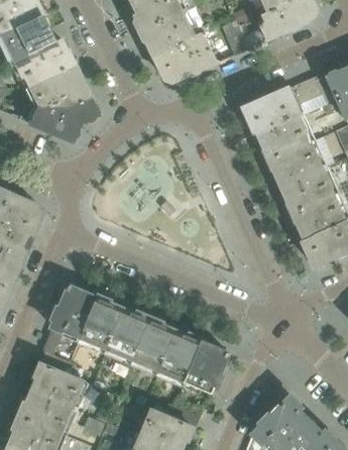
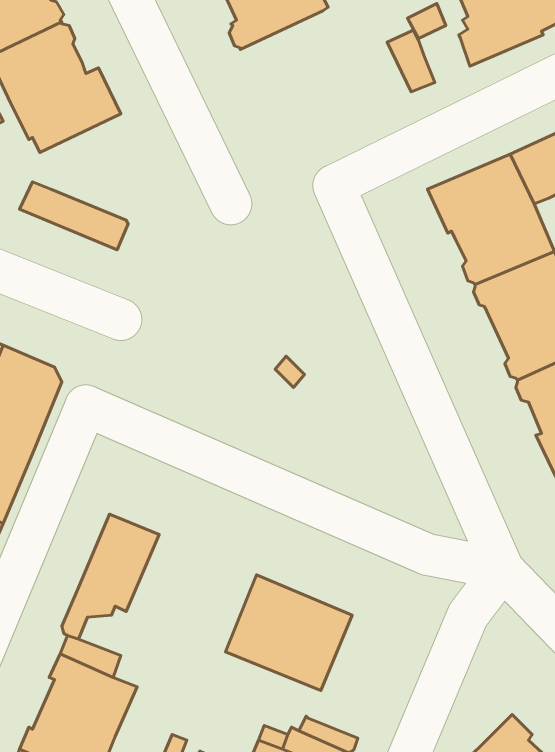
building: [140,10,217,83] -> none
building: [30,67,99,125] -> none
building: [78,298,149,362] -> none
building: [185,342,229,395] -> none

